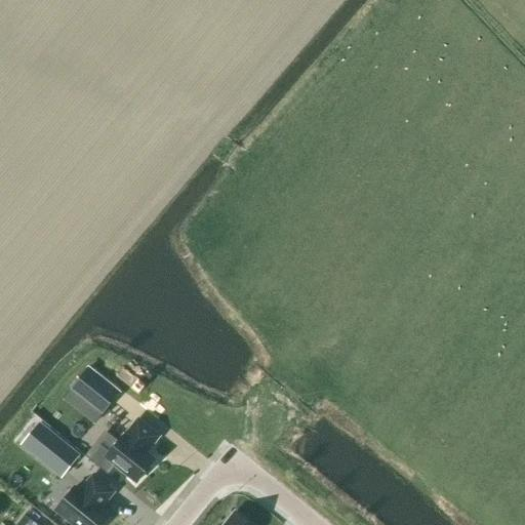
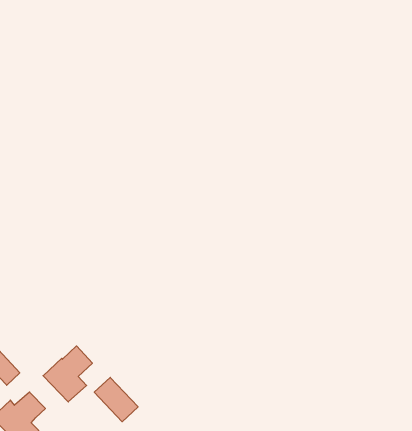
building: [70,370,115,414] -> none
building: none -> [94,377,138,422]

